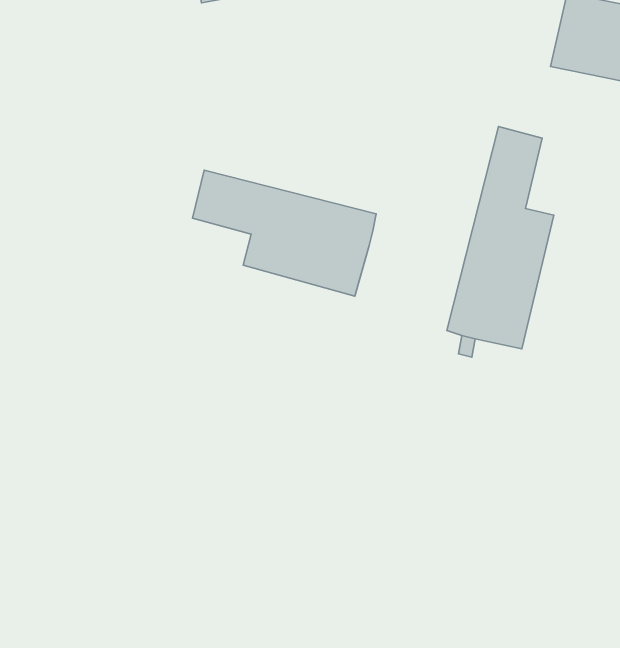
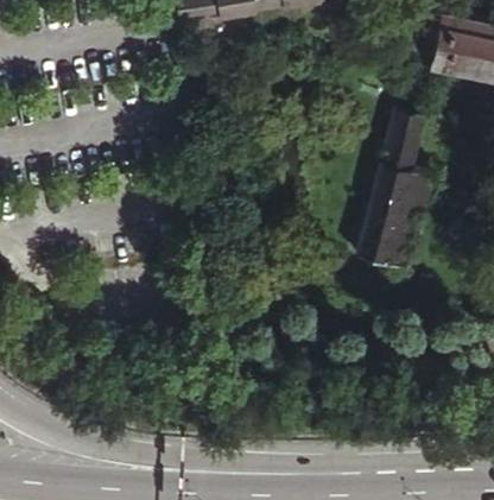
building: [193,170,376,296] -> none

